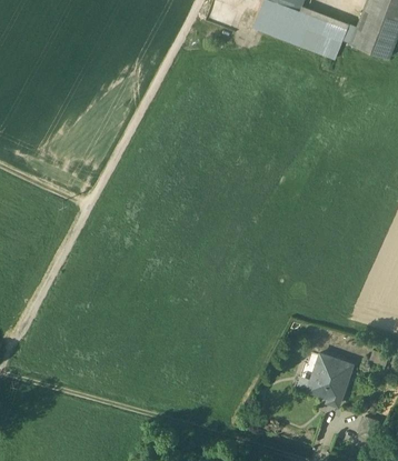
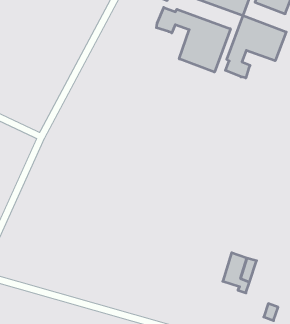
building: none -> [156,7,230,72]
building: none -> [225,16,286,78]

